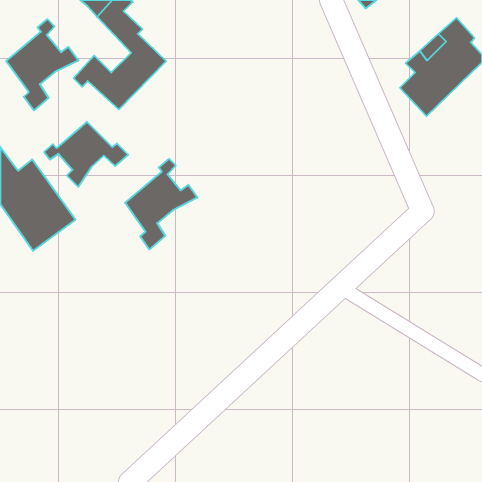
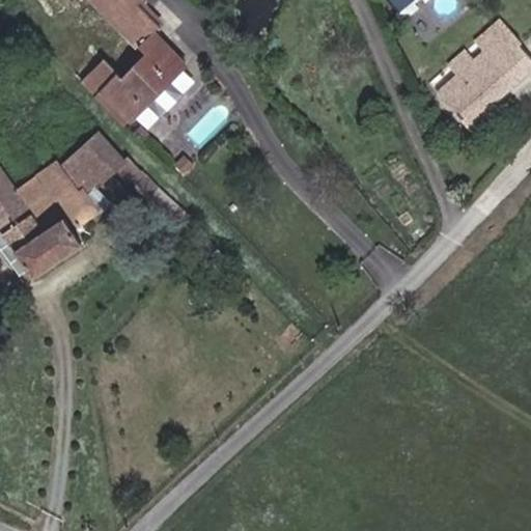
building: [6,19,78,110] -> none
building: [125,159,198,249] -> none

